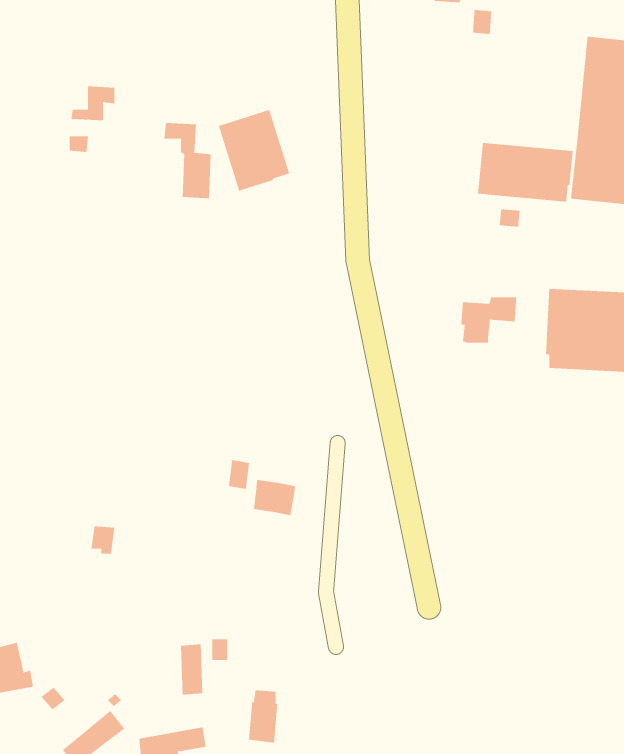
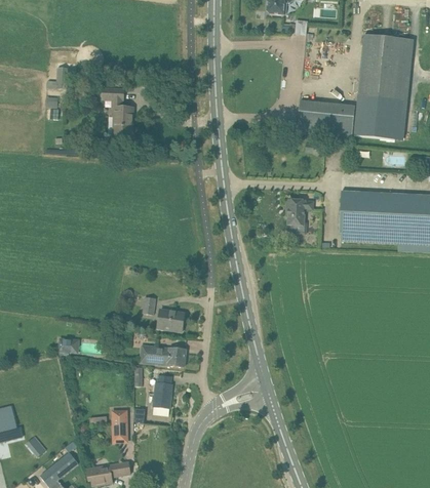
building: [218,109,290,191] -> none
building: none -> [140,343,186,365]
building: [248,690,278,743] -> [154,374,172,407]

